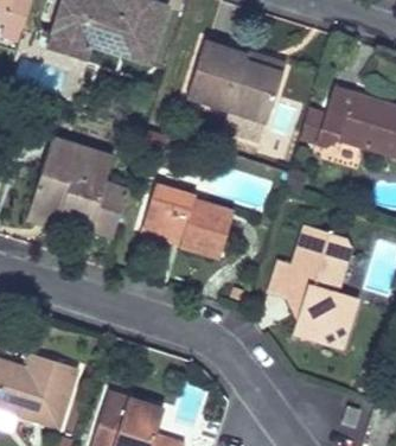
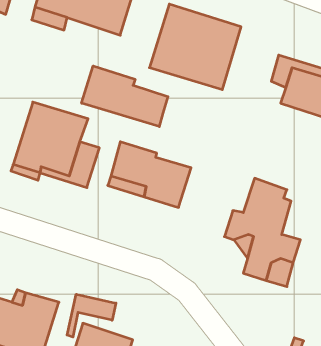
building: none -> [82,66,168,127]
building: none -> [67,294,116,337]

